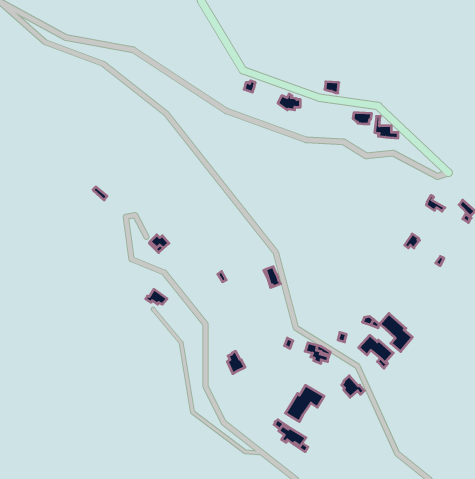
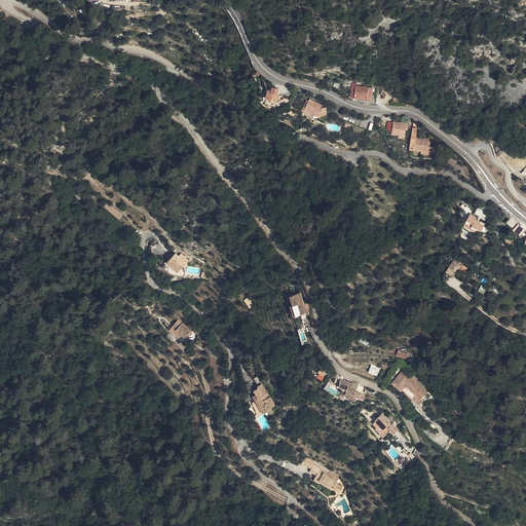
building: [380,313,412,352] -> none
building: [285,385,324,422] -> none

